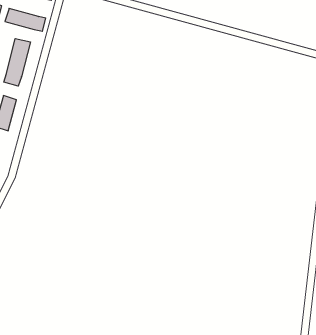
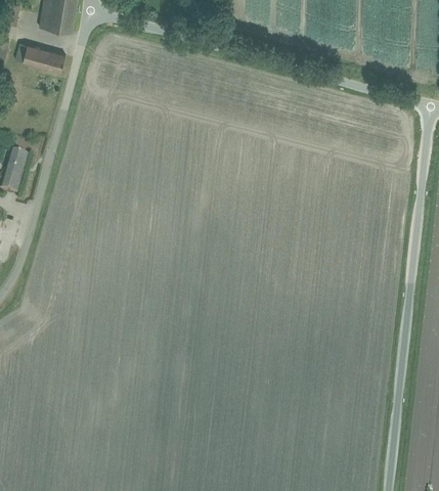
building: [4,39,30,86] -> none

